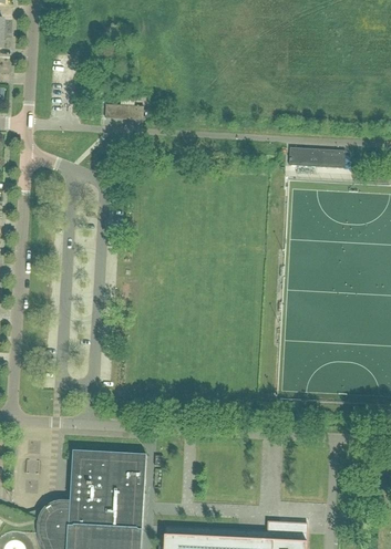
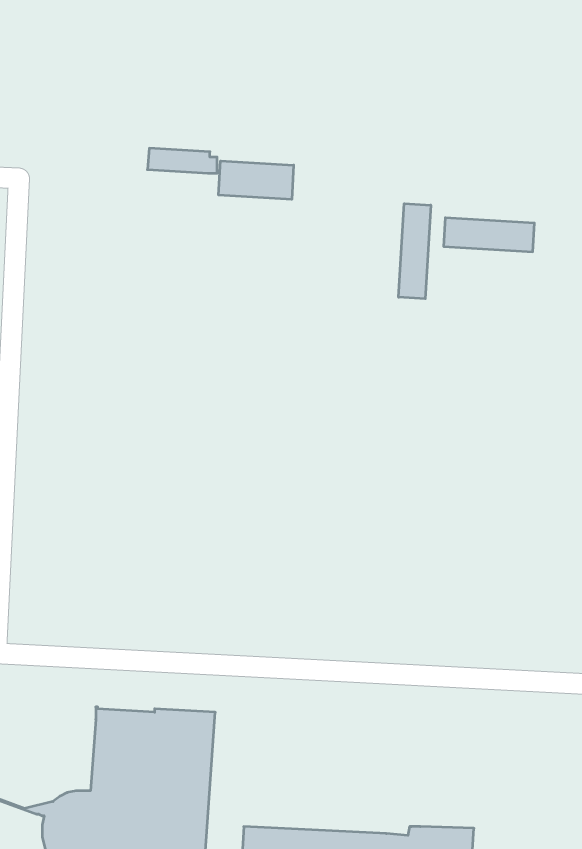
building: none -> [219,161,294,199]
building: none -> [399,204,431,299]

